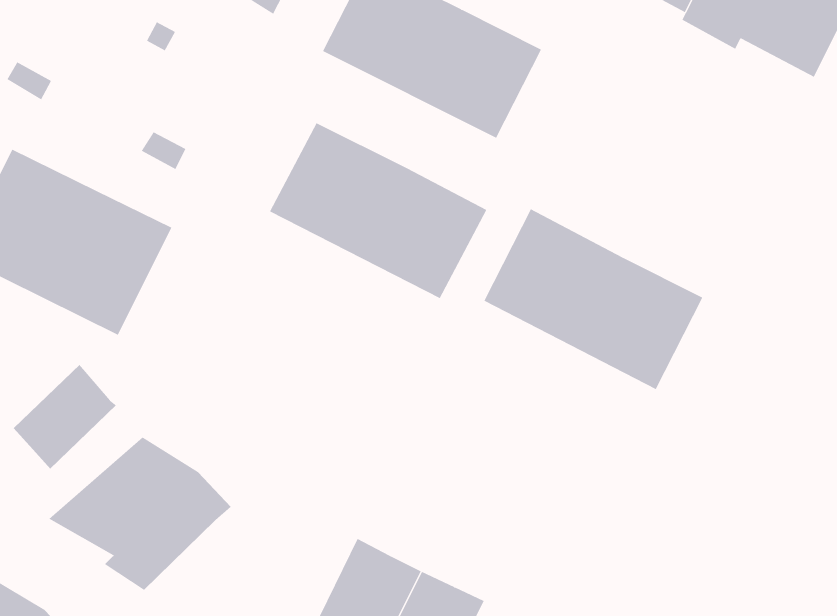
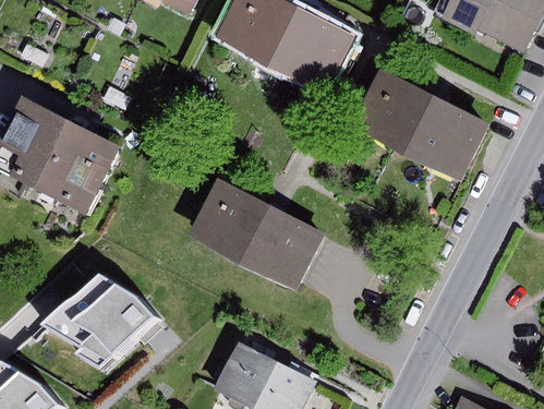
building: [269,122,487,299] -> [188,179,324,289]
building: [483,208,703,390] -> [351,68,488,181]
building: [13,364,117,469] -> none

